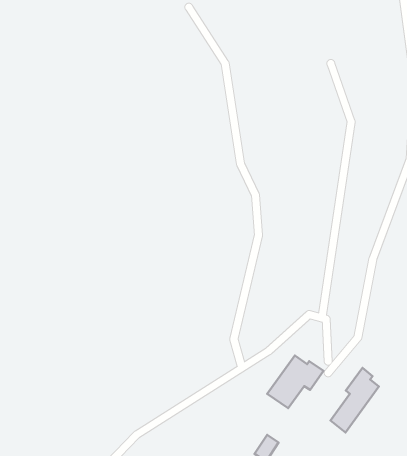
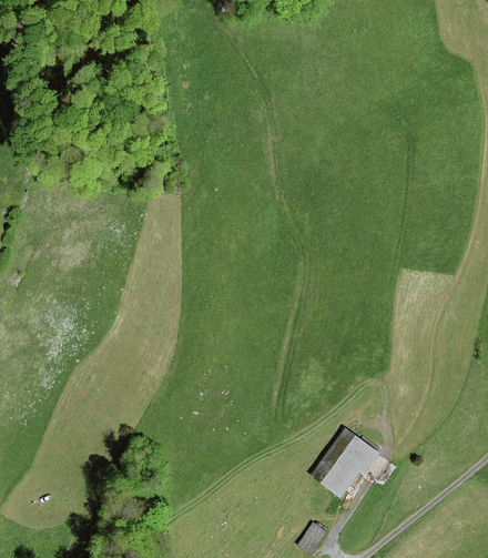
building: [331,368,379,432] -> none

